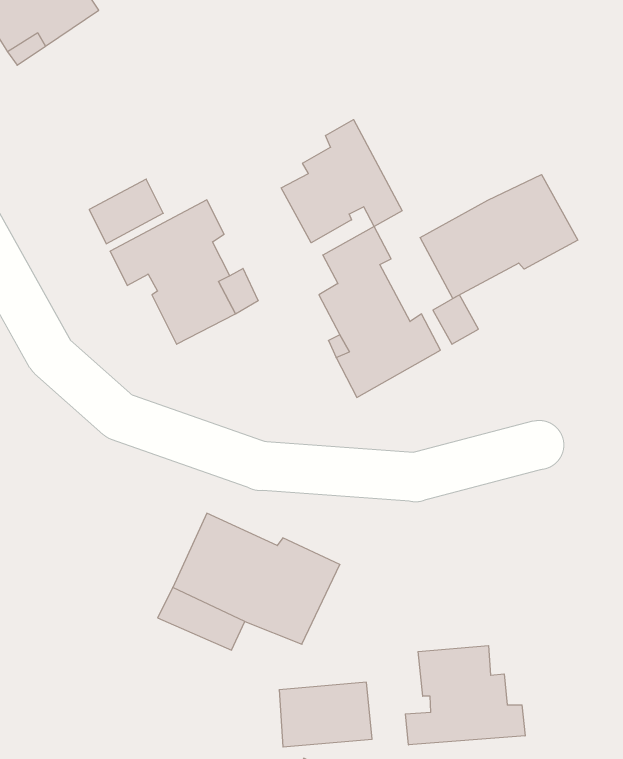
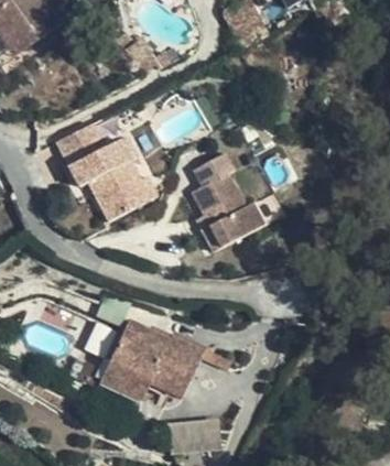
building: [281,120,402,243] -> none
building: [420,175,578,299] -> none
building: [405,646,525,745] -> none

